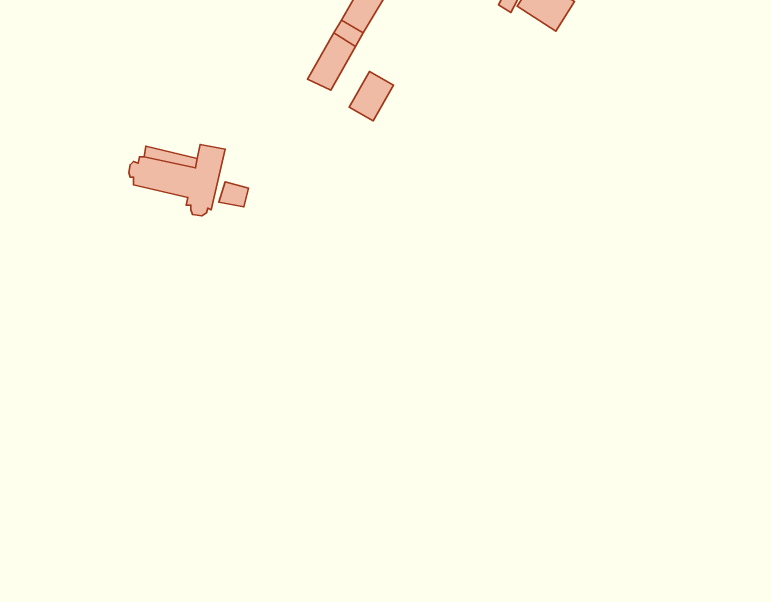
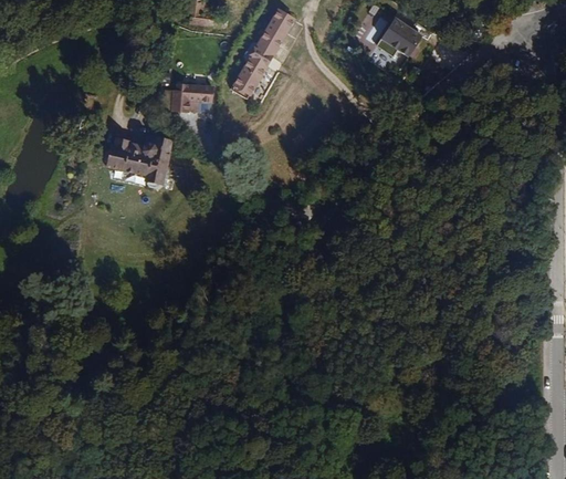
building: none -> [174,83,212,111]
building: [349,71,393,121] -> none

